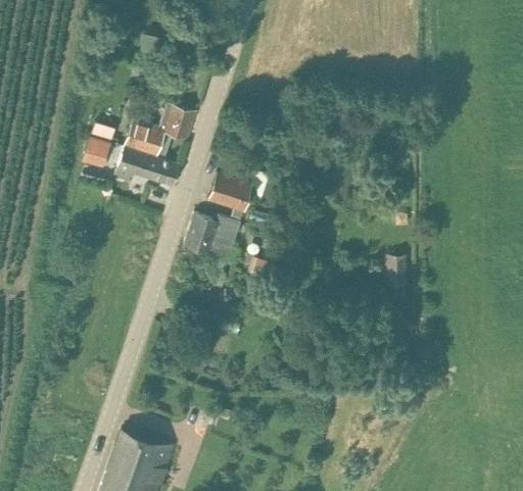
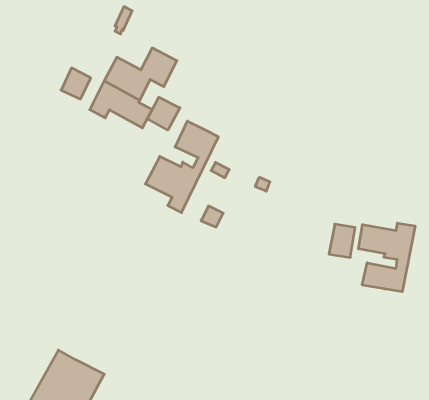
building: none -> [147,97,180,130]
building: none -> [359,223,415,292]

